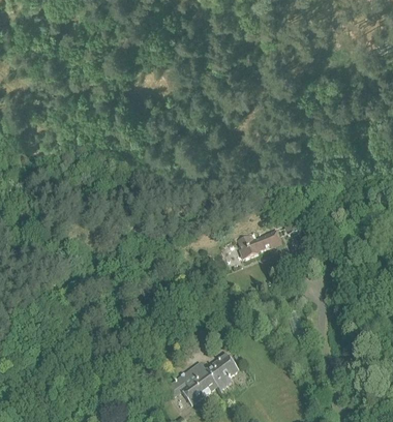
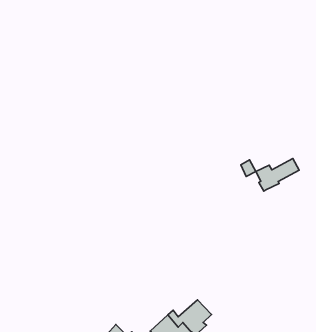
building: [237,230,281,260] -> [256,159,299,191]

